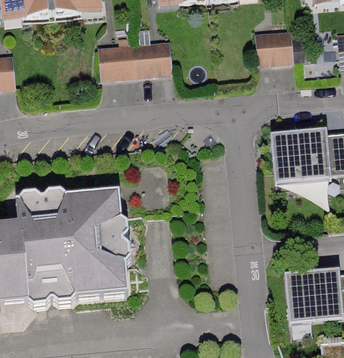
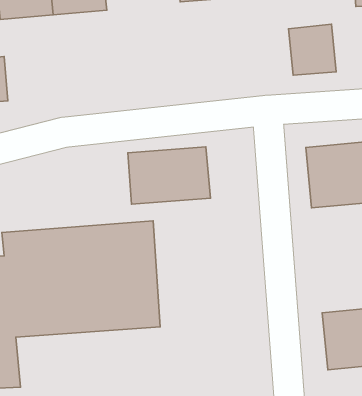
building: [100,36,171,85] -> [128,147,211,204]

